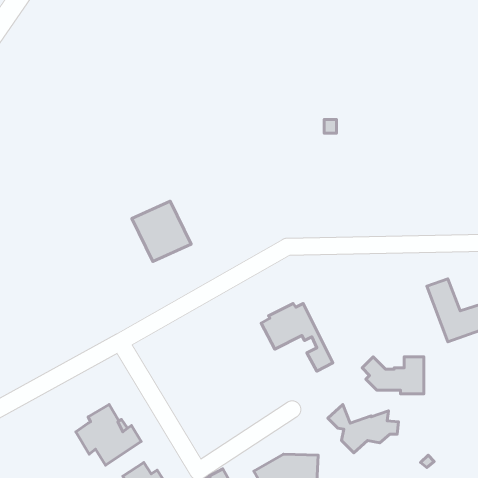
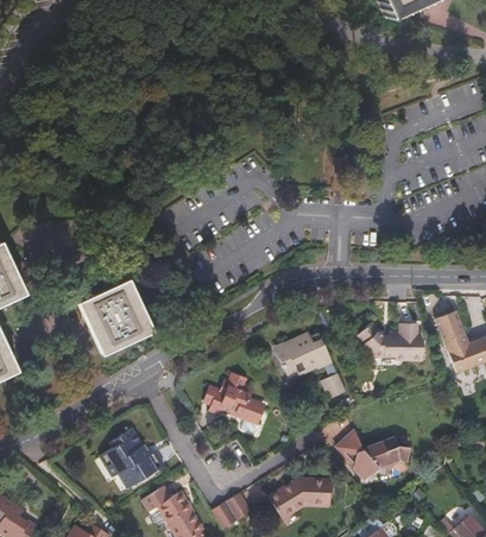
building: [132,201,191,262] -> [87,286,144,345]
building: none -> [203,373,263,431]
building: [362,357,424,394] -> [359,324,418,360]

